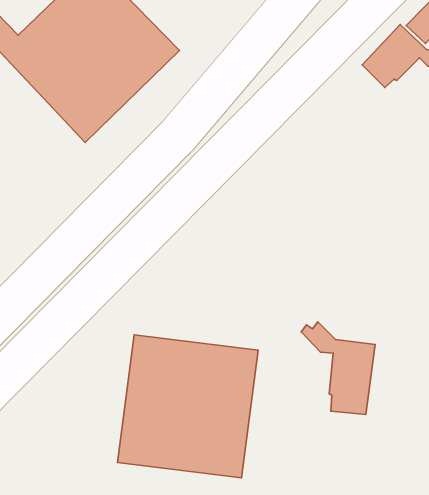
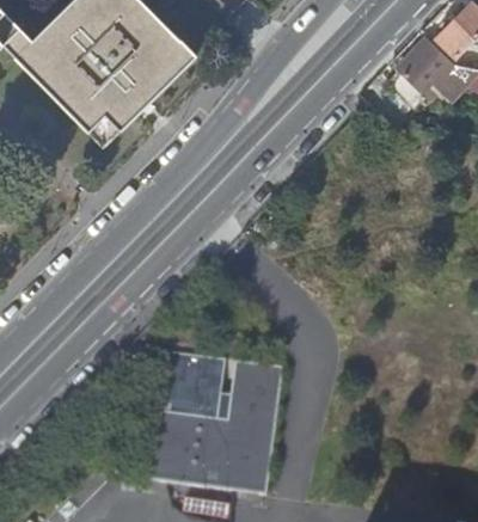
building: [301,322,375,414] -> none

